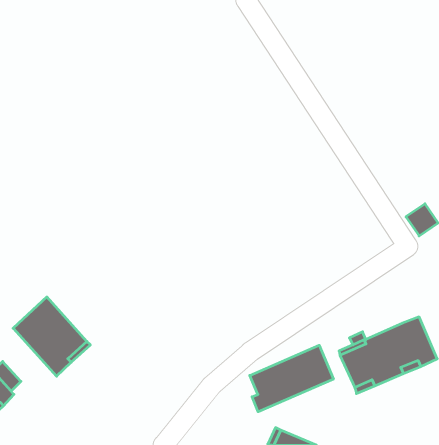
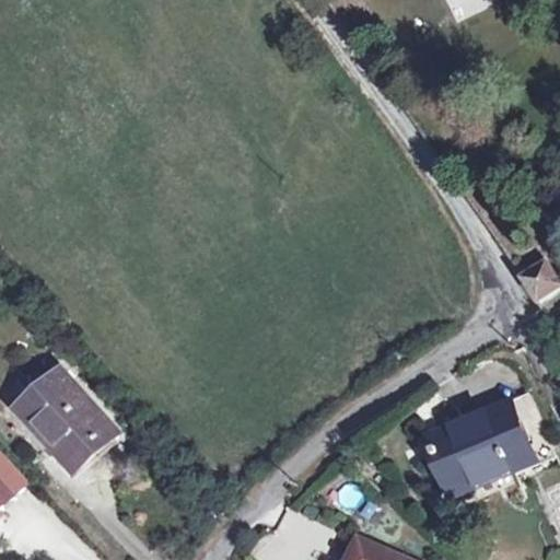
building: [250,345,333,412] -> none

